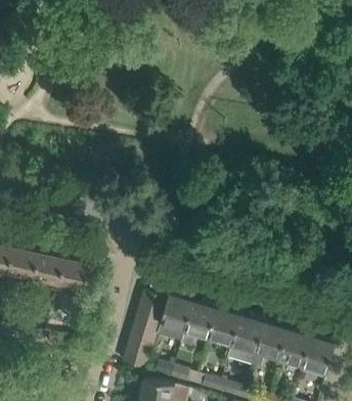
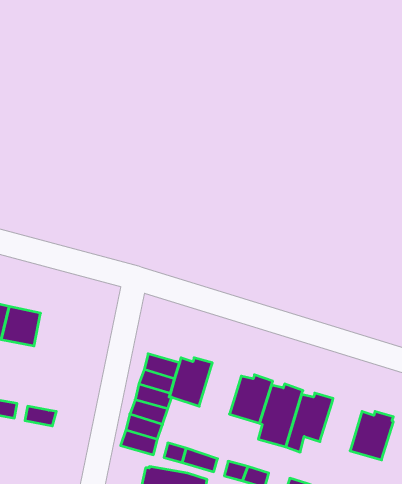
building: [54,258,86,289] -> none
building: [181,300,217,345] -> none
building: [277,327,311,365] -> none

